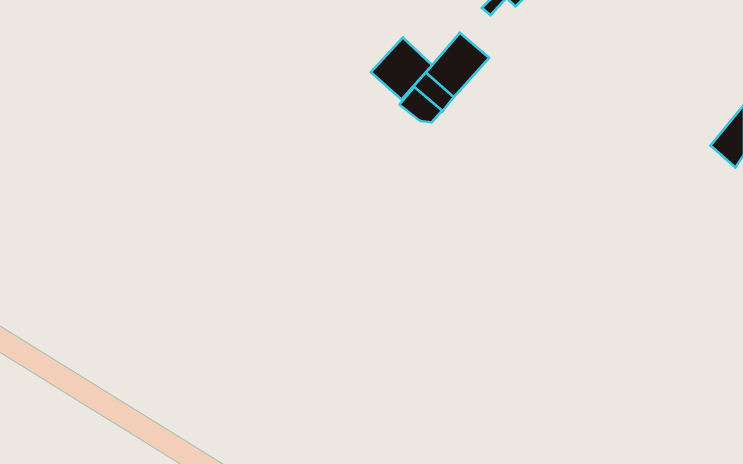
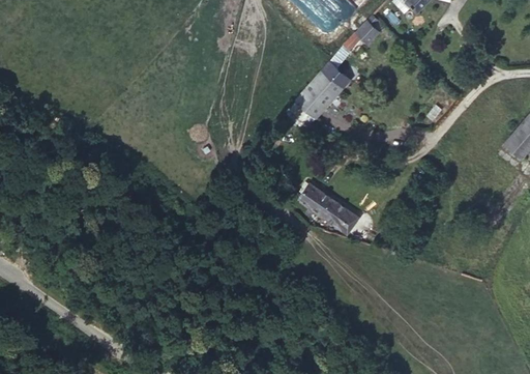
building: [371,37,432,99] -> none
building: none -> [298,183,359,234]

